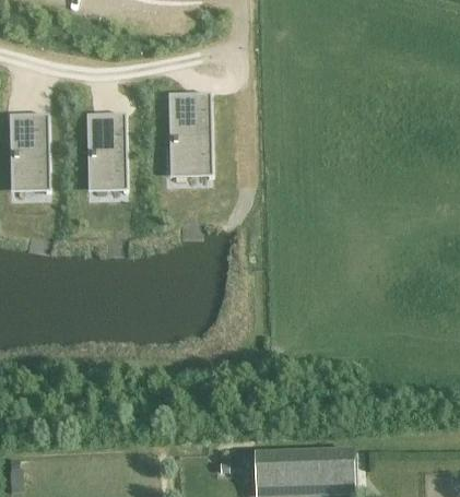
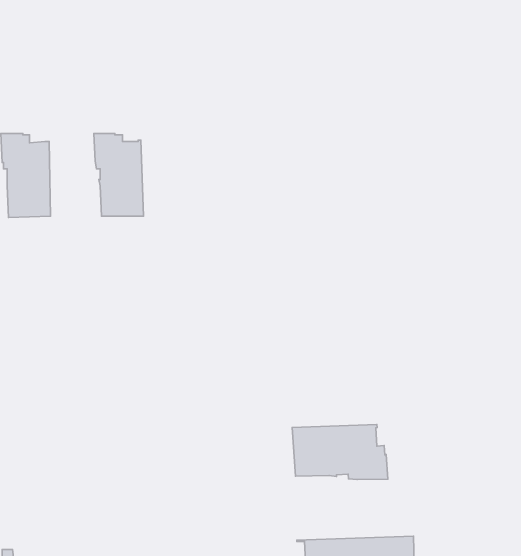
building: [166,95,211,171] -> none
building: none -> [292,425,388,480]

